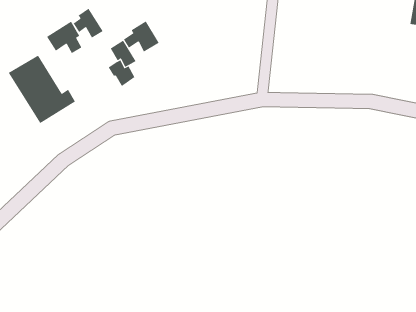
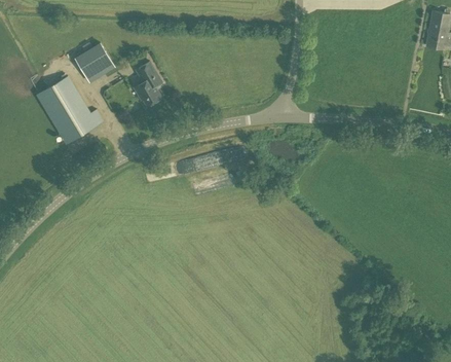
building: [73,8,103,38] -> none
building: [123,20,160,52] -> none

